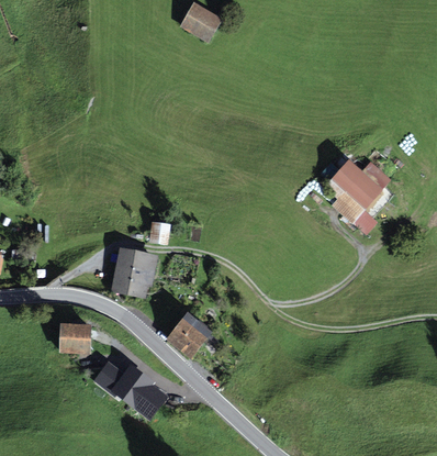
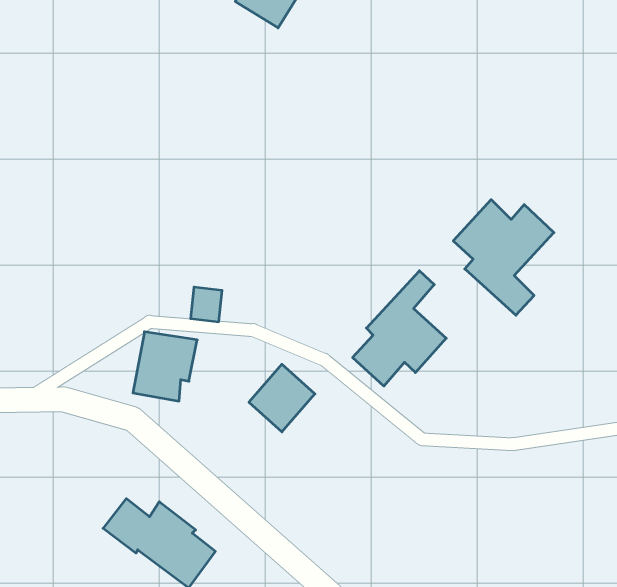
building: none -> [353,271,446,386]
building: [168,315,212,360] -> [249,364,315,432]
building: [58,321,90,352] -> none

